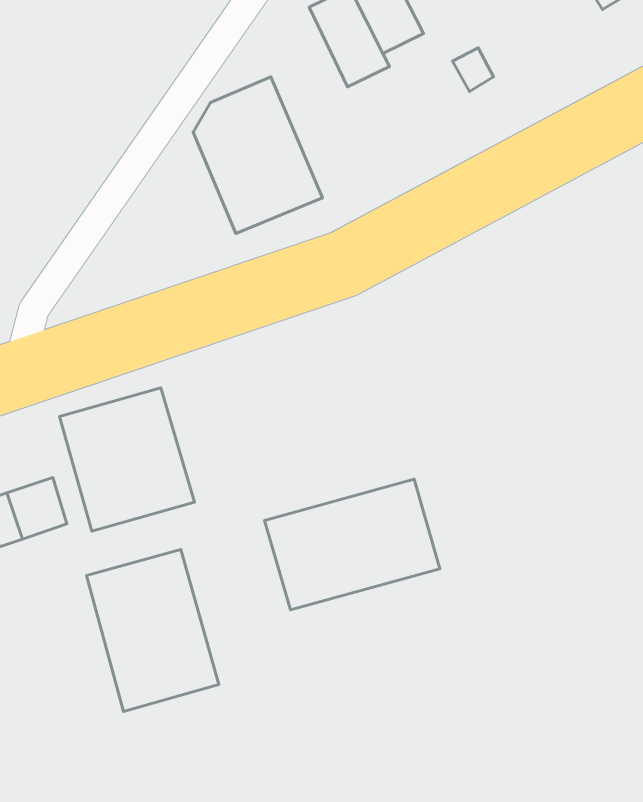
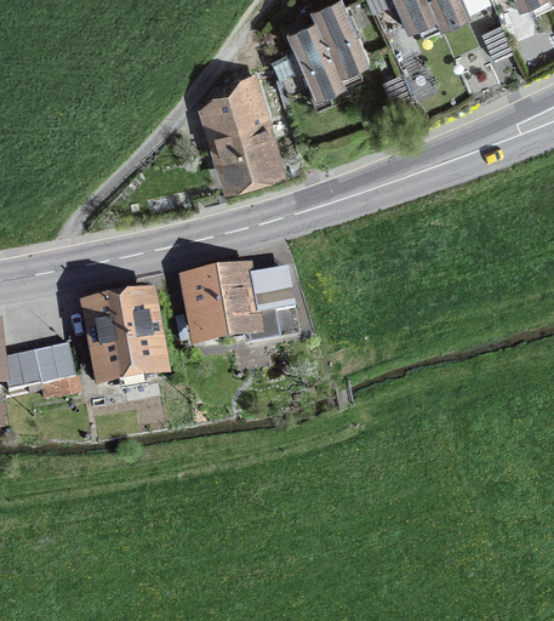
building: [265,479,440,610] -> [184,263,304,346]
building: [87,549,219,711] -> none

